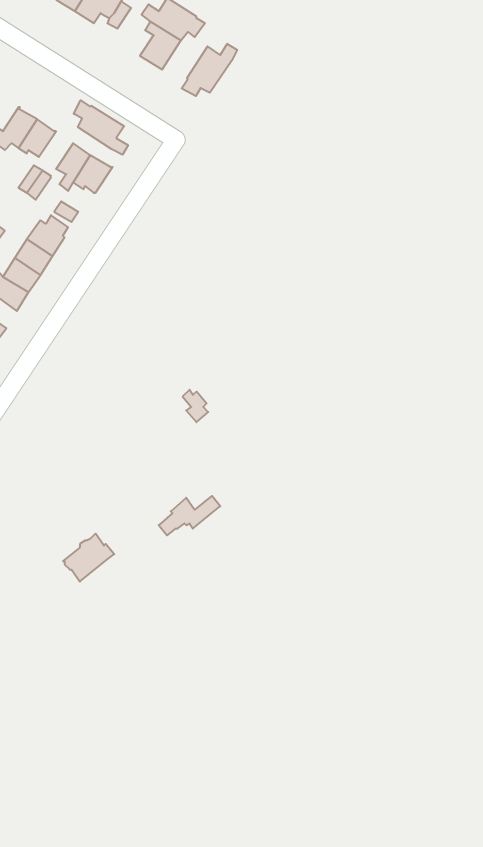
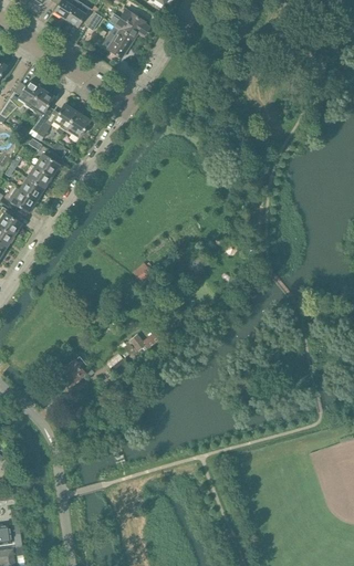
building: [182,44,237,96] -> none
building: [74,100,128,155] -> none

